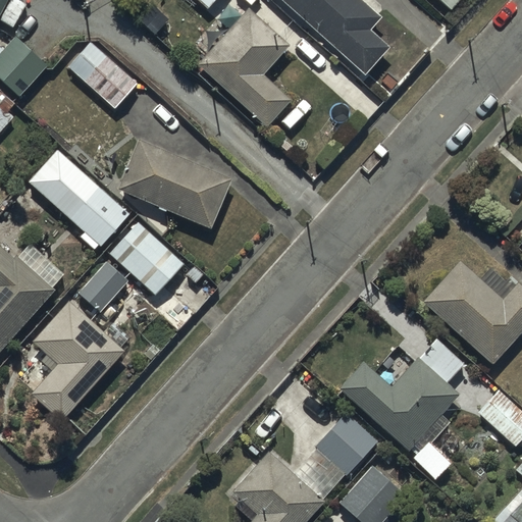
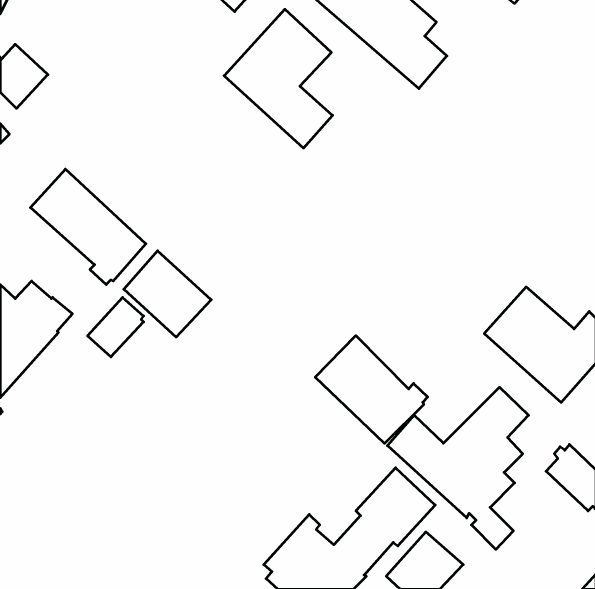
building: [67,42,135,108] -> none
building: [118,140,230,230] -> none
building: none -> [315,336,428,443]
building: [31,296,122,421] -> none

